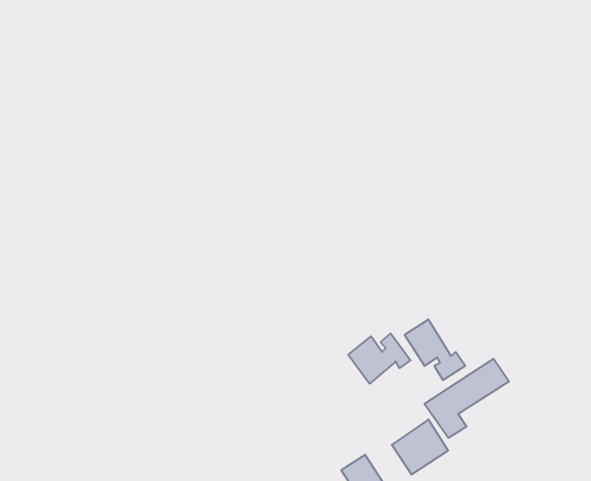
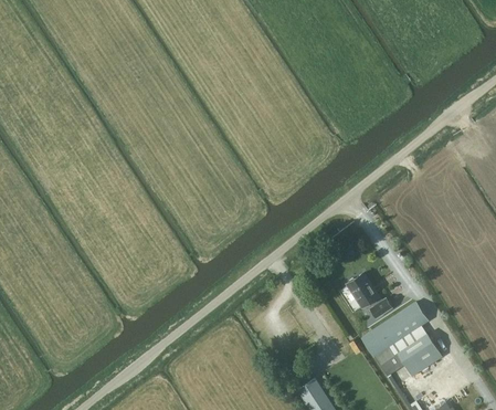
building: [348,333,411,384] -> none
building: [392,419,448,474] -> [397,333,441,376]

